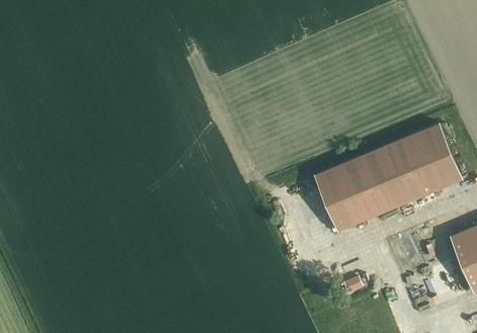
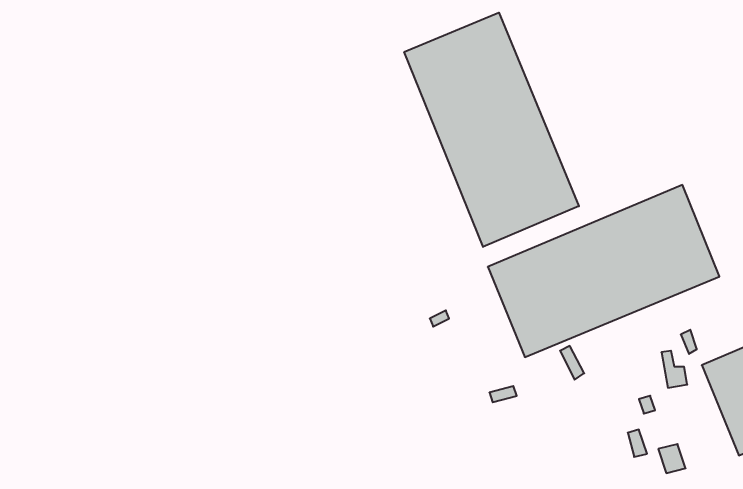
building: none -> [404,13,579,247]

